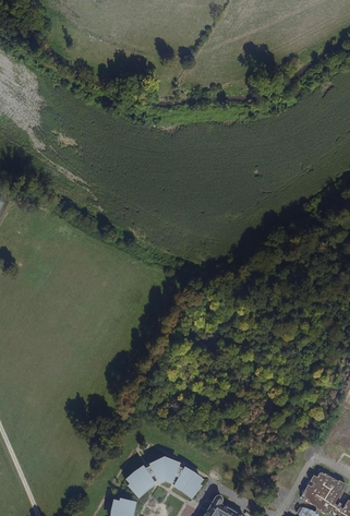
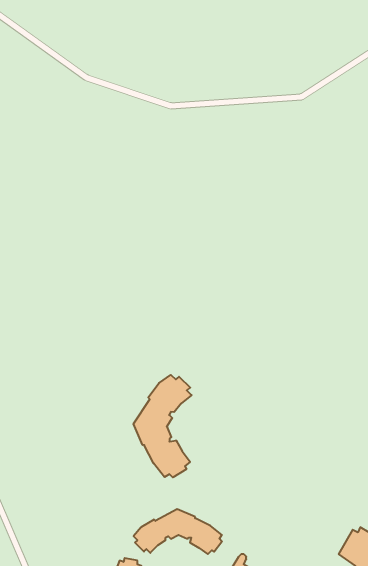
building: none -> [134,375,192,477]

